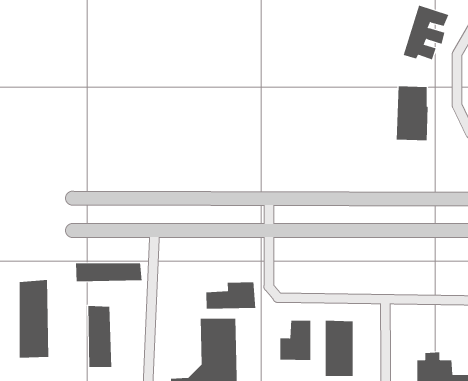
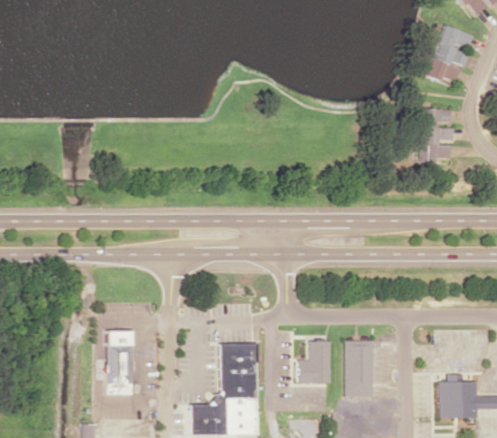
building: [76,263,142,282] -> none
building: [19,279,49,358] -> none
building: [206,282,256,310] -> none

